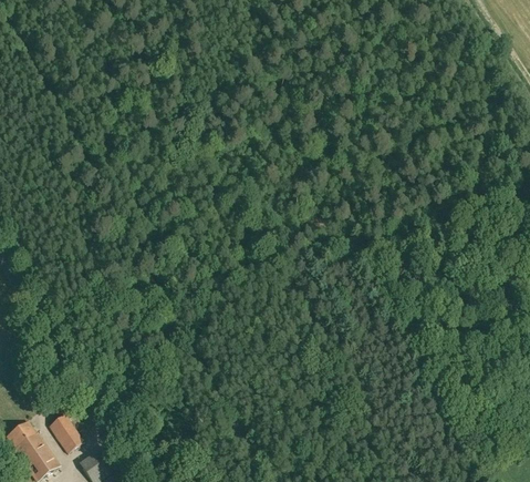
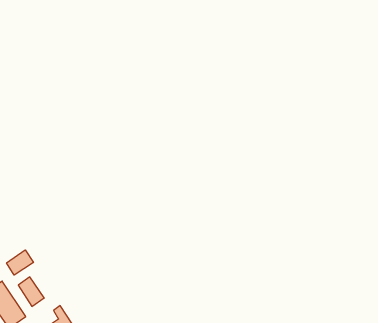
building: none -> [7,250,33,275]

